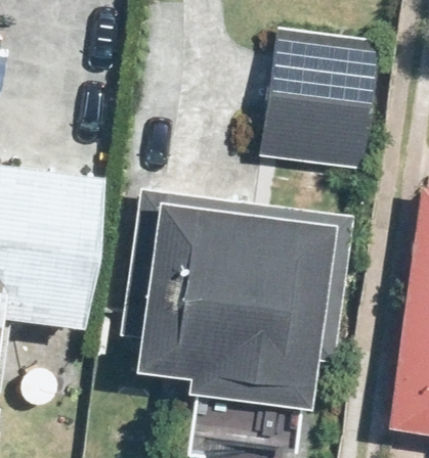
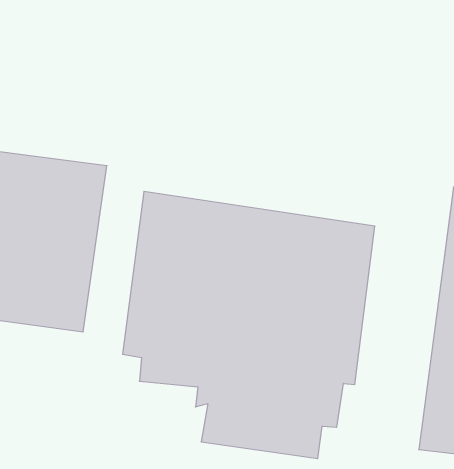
building: [259,29,379,172] -> none

